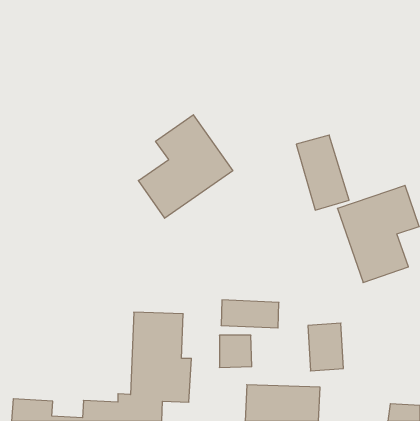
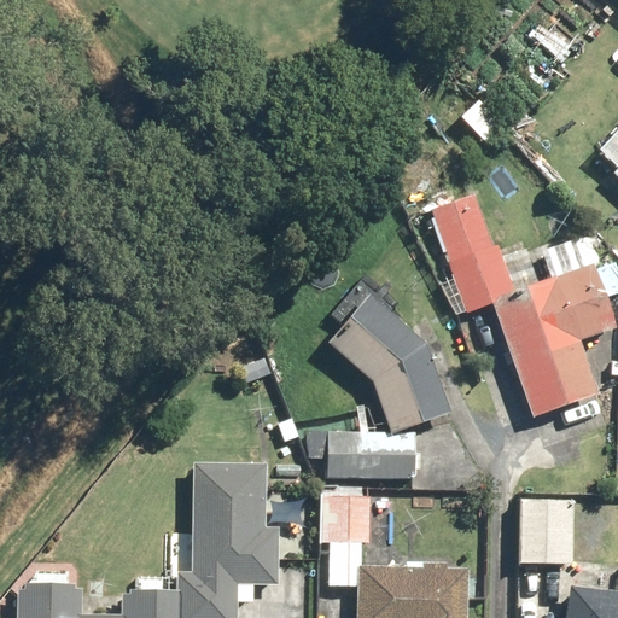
building: [138,115,233,218] -> none
building: none -> [328,297,448,432]
building: [308,323,343,371] -> [518,494,570,564]

